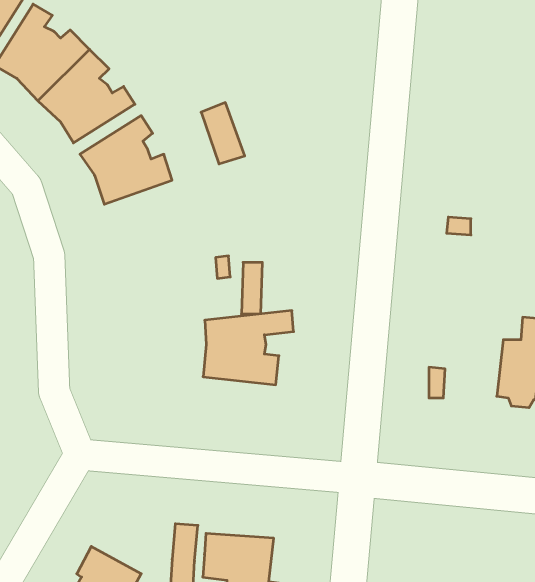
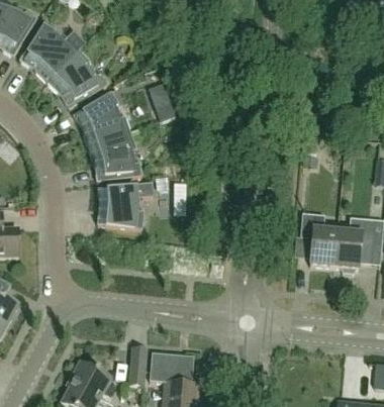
building: none -> [88,130,141,180]
building: [203,311,294,385] -> [97,181,154,227]
building: none -> [300,212,338,266]

